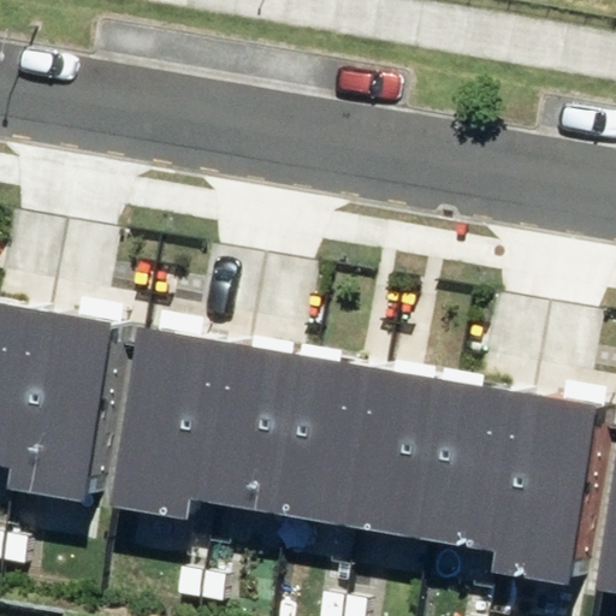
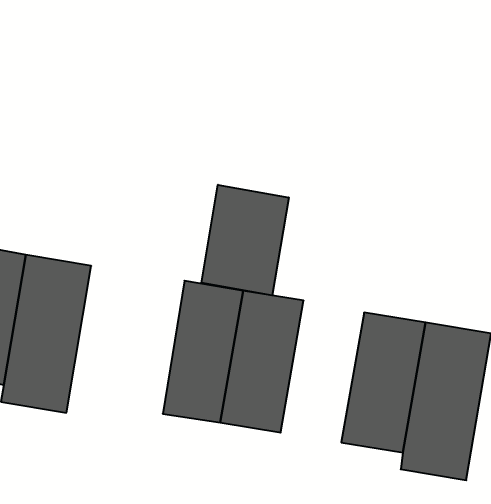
building: none -> [201,185,289,295]
building: [111,326,224,522] -> none
building: [340,365,442,537] -> none

